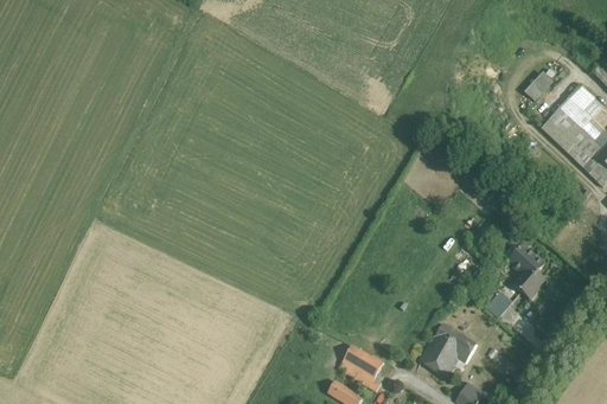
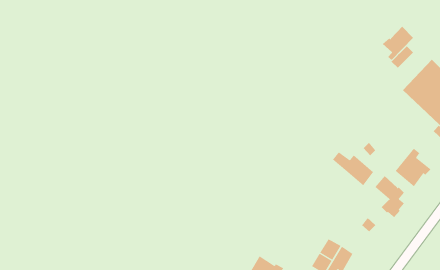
building: none -> [382,26,414,61]
building: none -> [395,148,432,187]
building: none -> [332,152,374,186]

